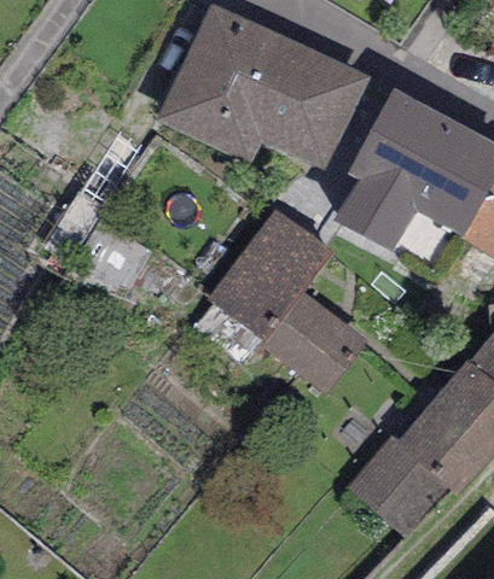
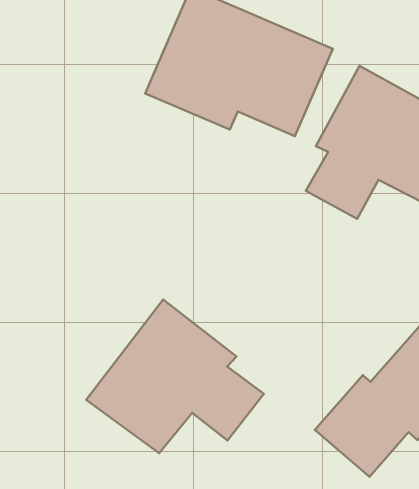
building: [205,206,368,393] -> none
building: none -> [86,299,264,453]

